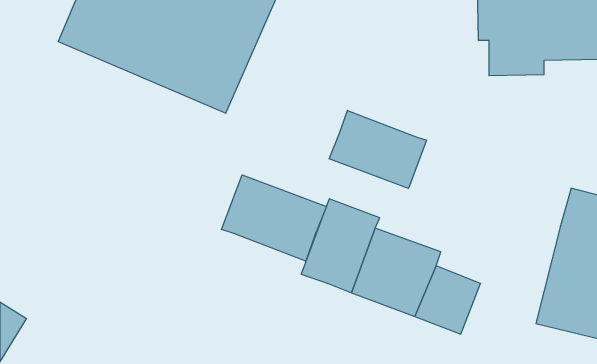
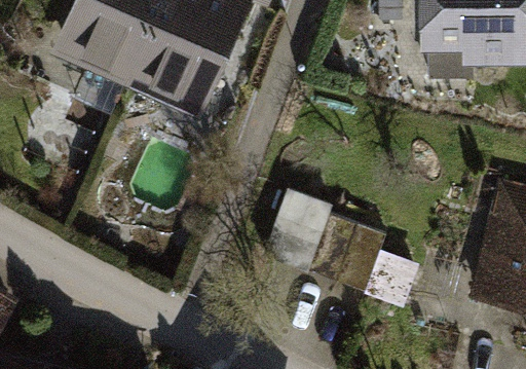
building: [329,110,427,188] -> none
building: [222,175,326,261] -> none

